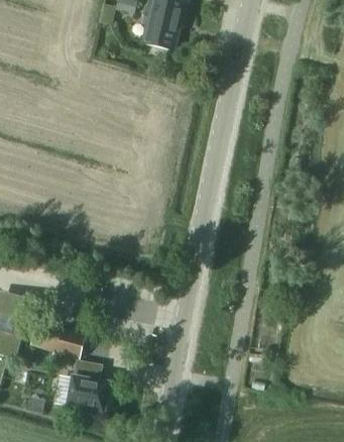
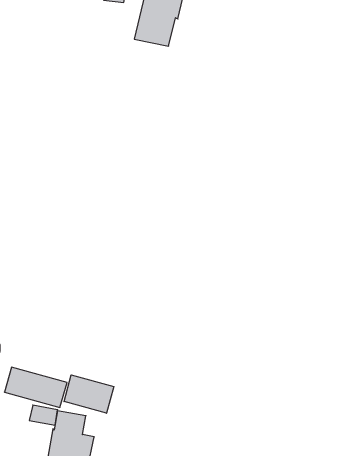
building: none -> [64,375,114,413]

